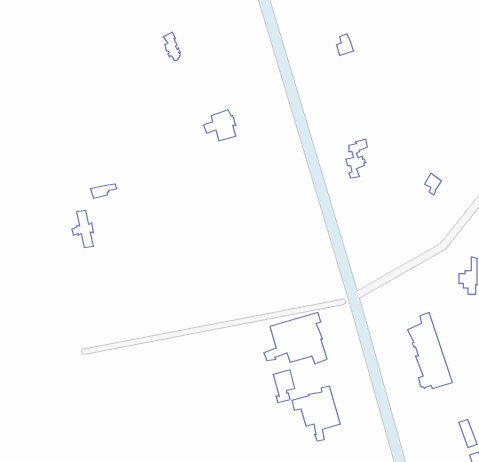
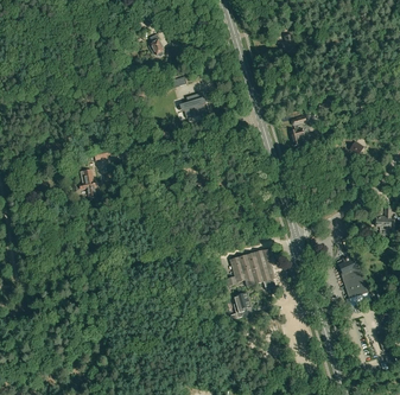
building: [292,386,340,441] -> none

